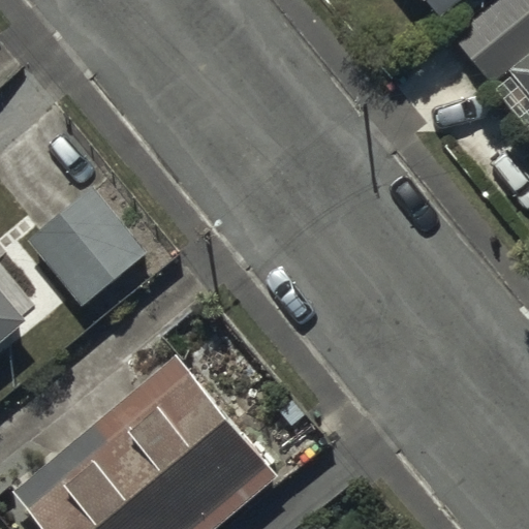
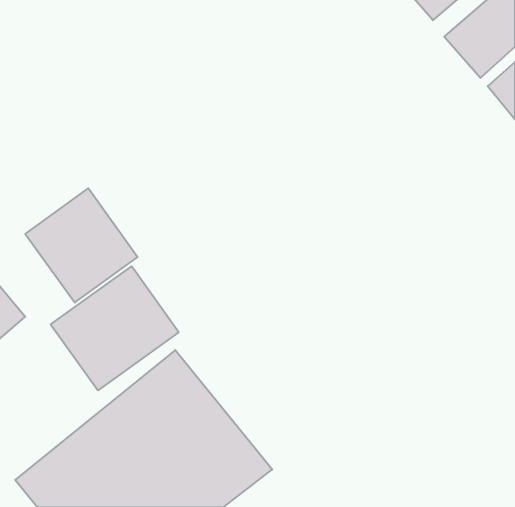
building: none -> [51,266,179,390]

